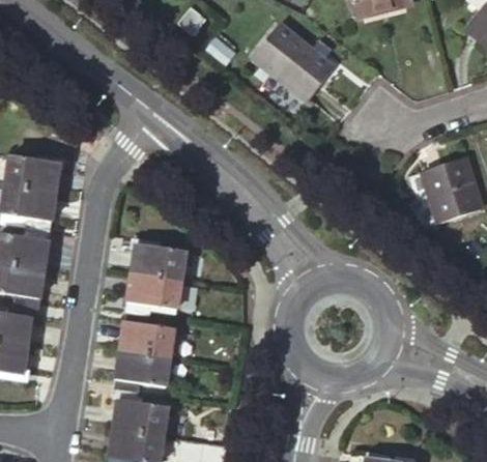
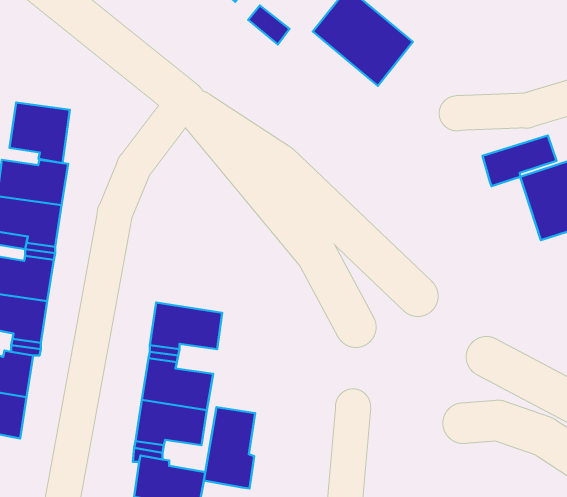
building: none -> [10,103,70,163]
building: none -> [482,135,557,186]
building: [130,239,187,281] -> none
building: none -> [204,407,255,489]

